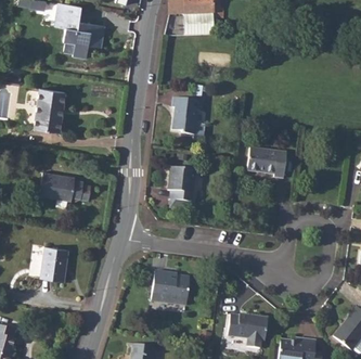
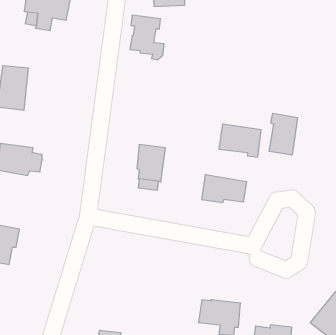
building: [172,97,205,139] -> [130,15,164,60]
building: none -> [269,113,298,155]
building: none -> [202,174,246,203]
building: [152,270,191,304] -> none

